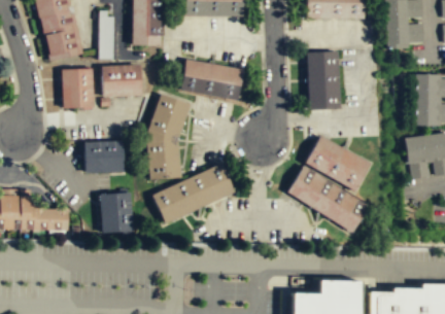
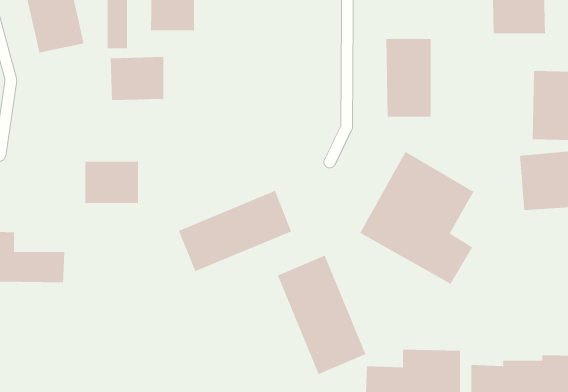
building: [180,59,244,99] -> none
building: [62,69,94,109] -> none
building: [147,93,190,178] -> none
building: [100,193,134,233] -> none
building: none -> [277,255,367,375]

